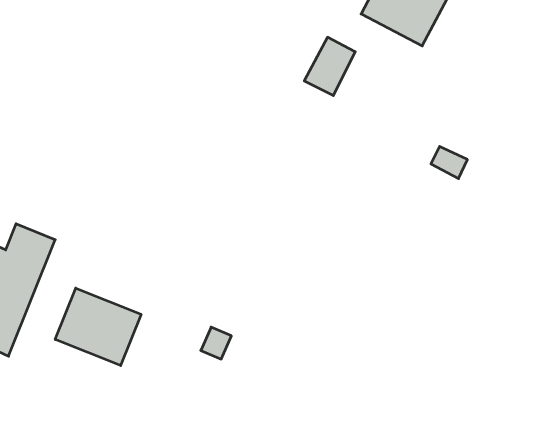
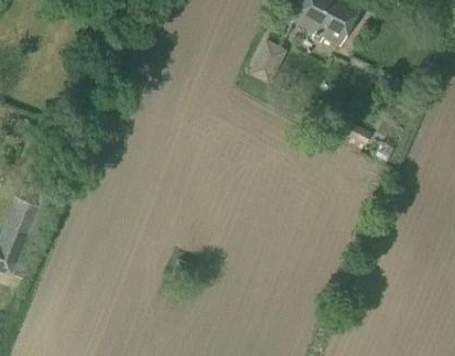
building: [55,288,141,366] -> none

